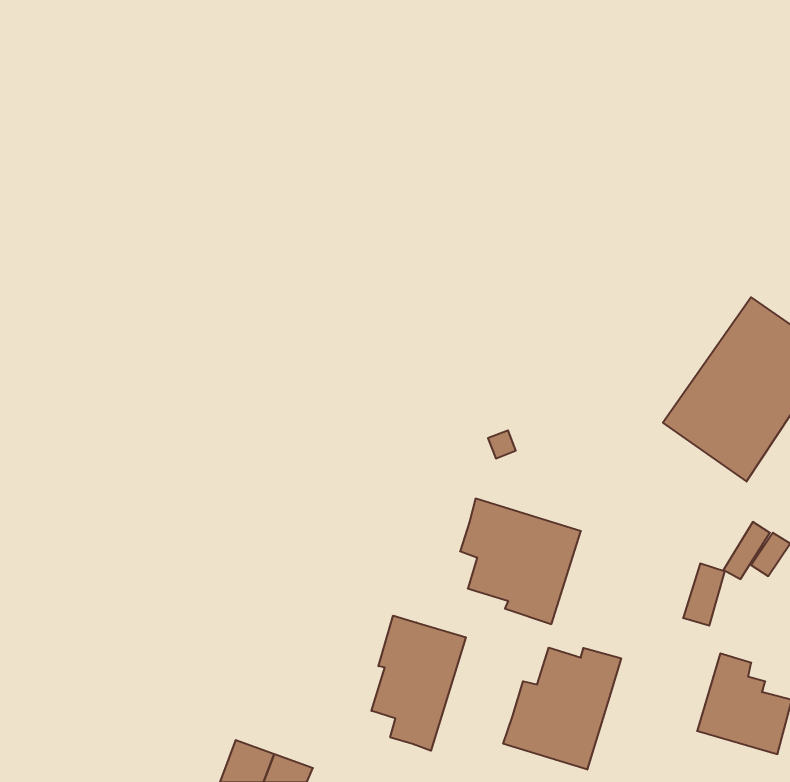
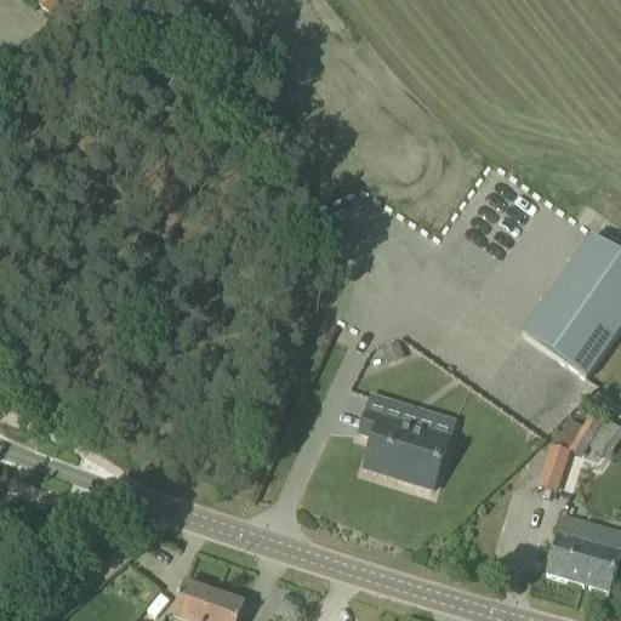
building: [371,616,466,751] -> none
building: [503,648,621,770] -> none

